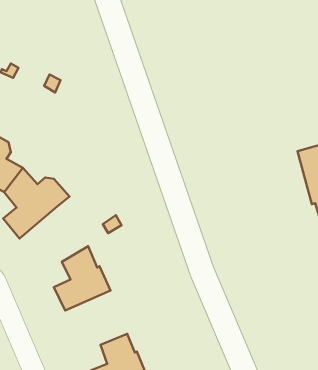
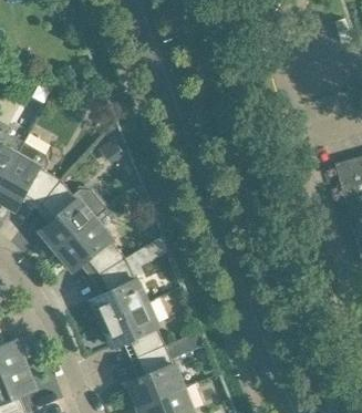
building: none -> [56,219,125,275]
building: none -> [102,303,164,358]

